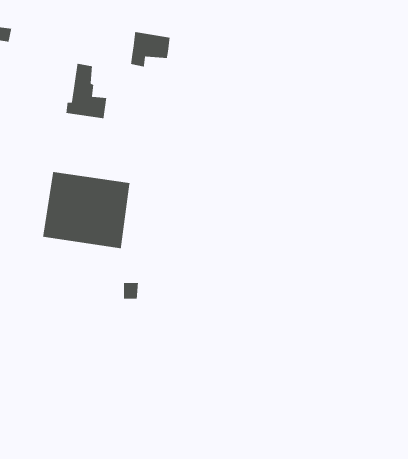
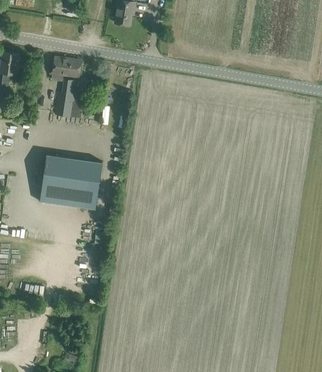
building: [130,31,170,67] -> [52,57,80,82]

